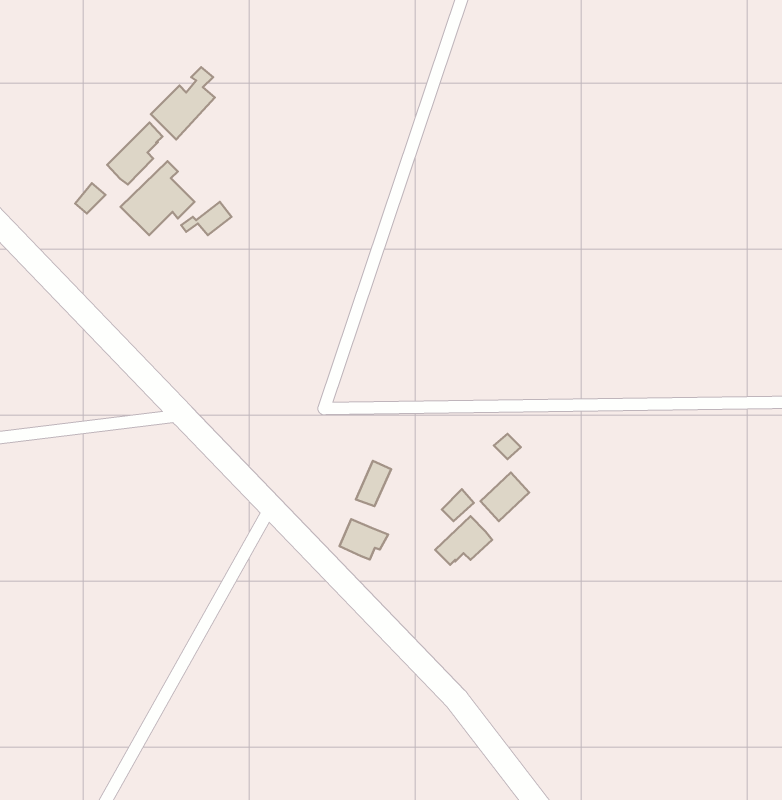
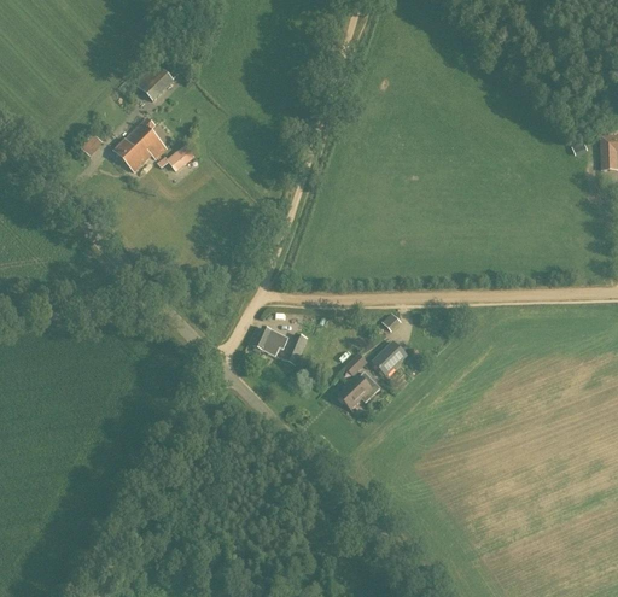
building: [107,122,162,185] -> none
building: [339,519,388,560] -> [255,327,290,356]

